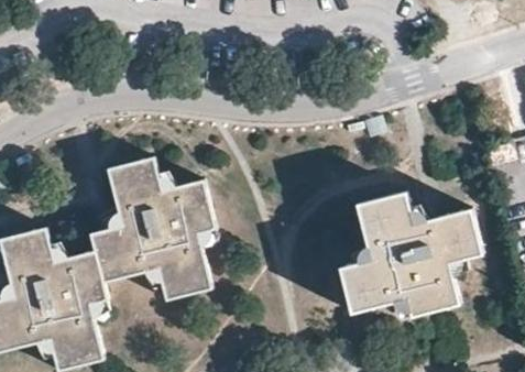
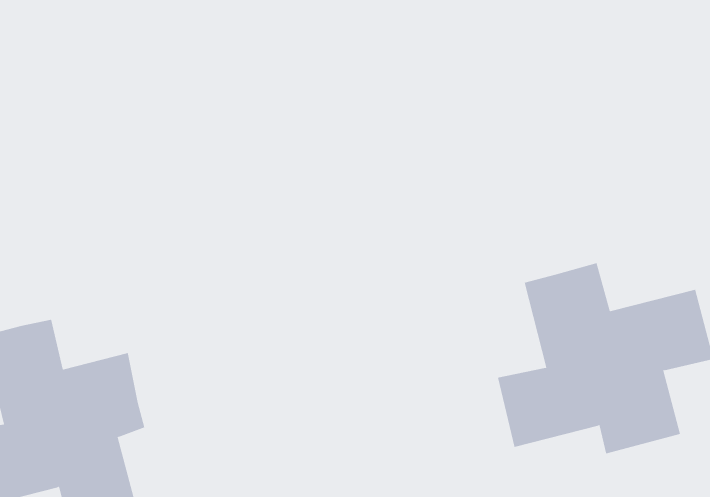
building: [90,156,214,300] -> none

